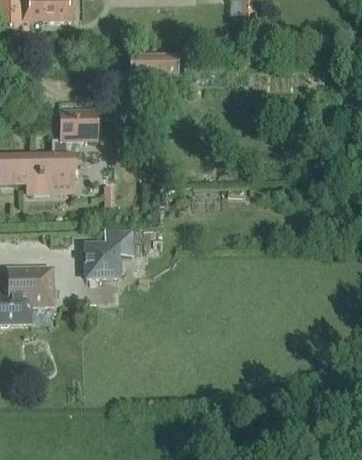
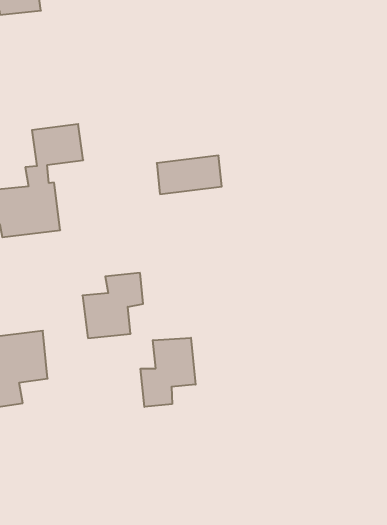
building: [131,52,179,78] -> [157,156,222,194]
building: none -> [141,338,196,407]

